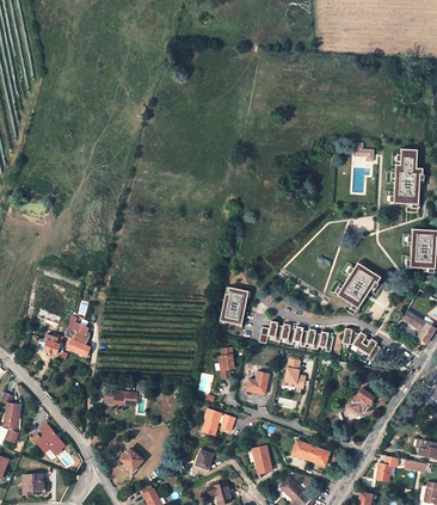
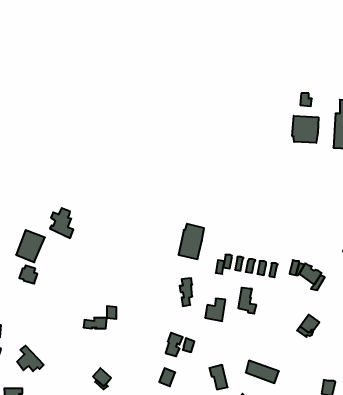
building: none -> [292,116,318,143]
building: [338,263,382,308] -> none
building: [64,324,91,357] -> [50,208,73,238]

